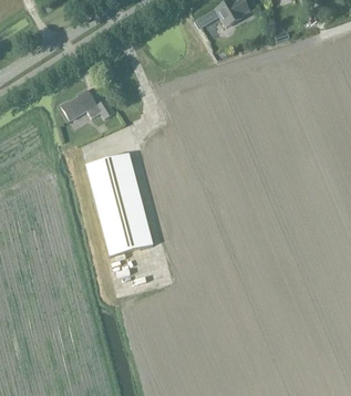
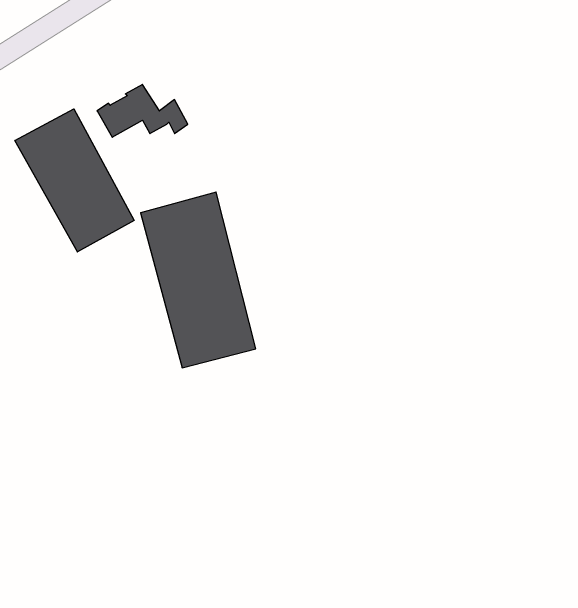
building: none -> [15,109,134,252]

